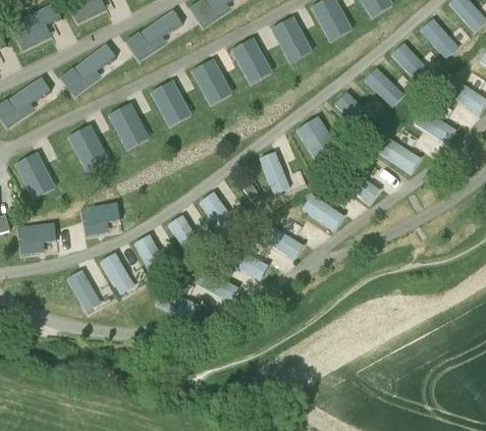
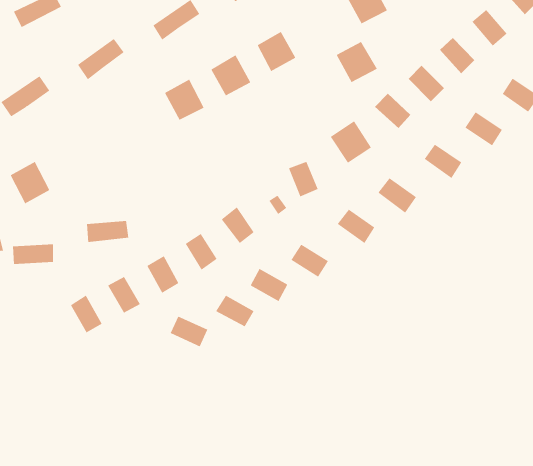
building: [271,18,308,55] -> [336,41,378,83]
building: [109,105,145,142] -> none
building: [68,126,104,163] -> none

